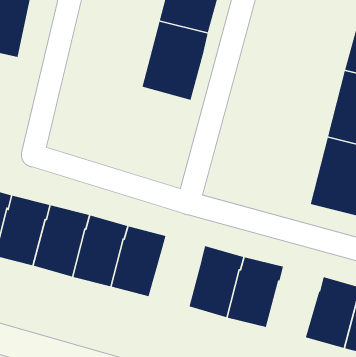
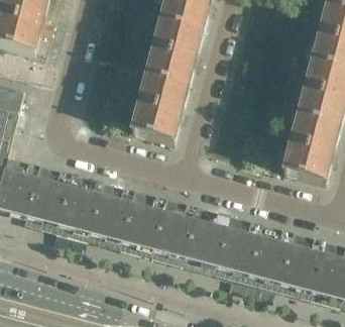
building: none -> [129,79,185,145]
building: none -> [150,200,196,258]
building: none -> [246,225,293,284]

